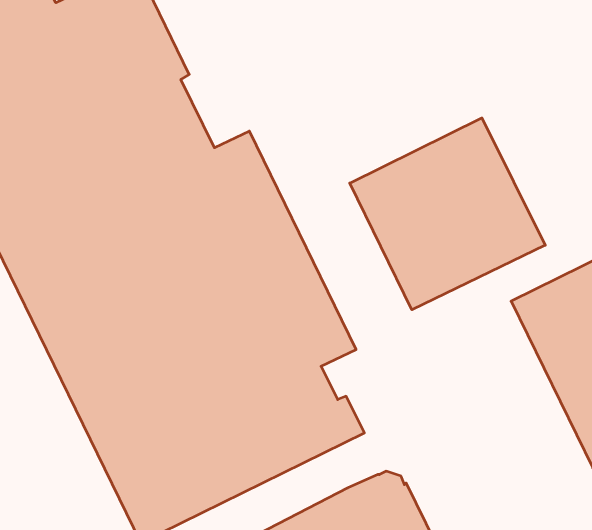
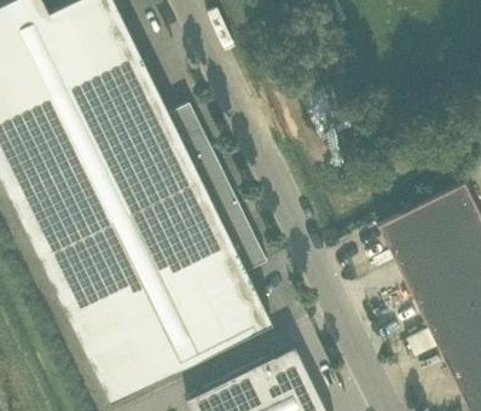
building: [350,118,545,310] -> none

